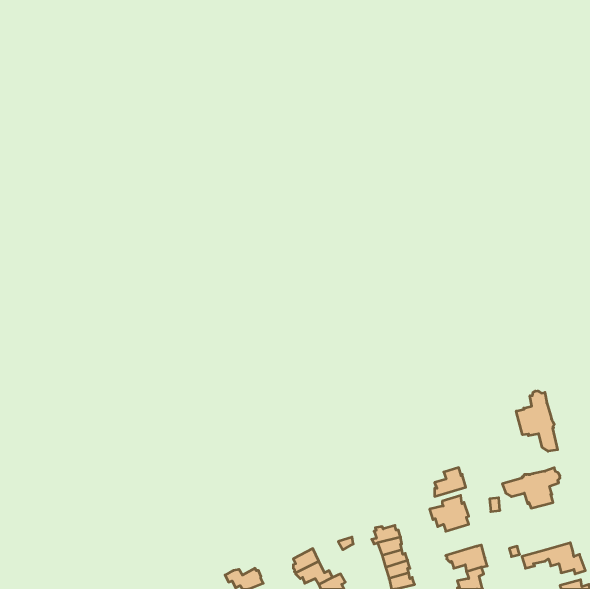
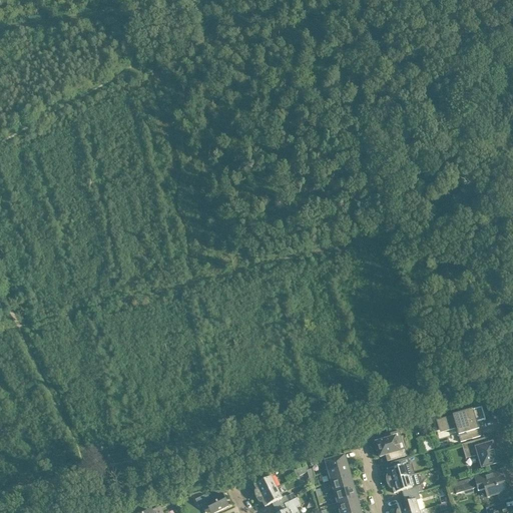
building: [516,391,558,451] -> none
building: [435,468,466,496] -> [387,457,414,482]
building: none -> [461,437,498,467]

